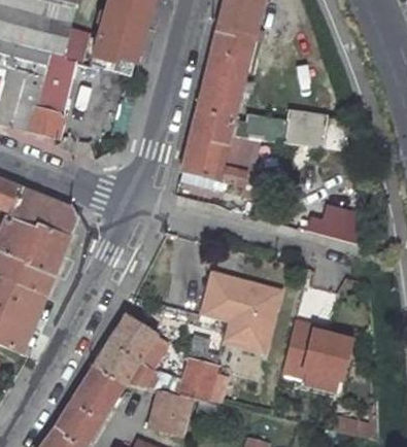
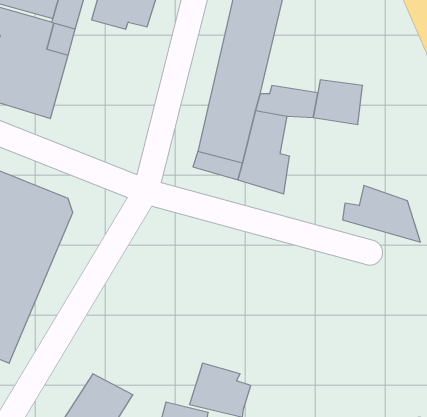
building: [199,268,283,355] -> none
building: [91,314,172,389] -> none
building: [281,321,353,392] -> none

